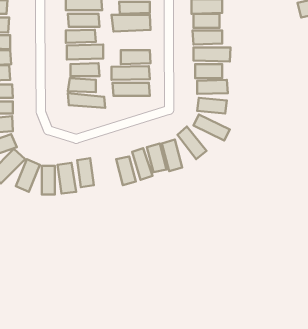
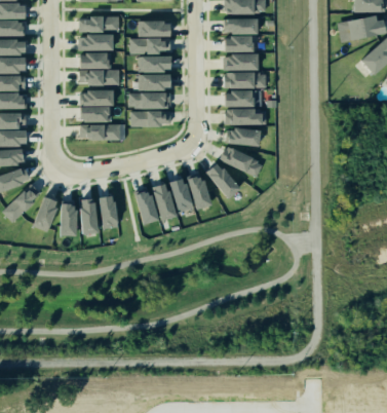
building: none -> [139,55,175,73]

